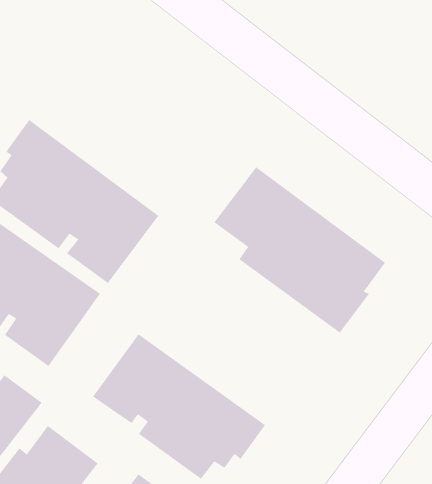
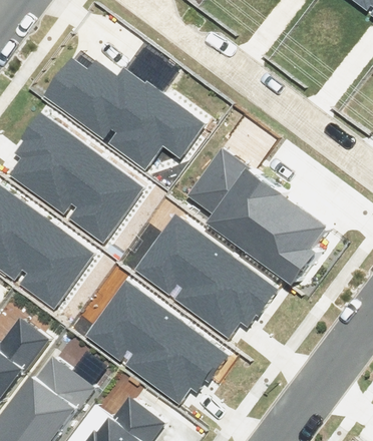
building: none -> [43,58,207,169]
building: none -> [132,213,279,338]

